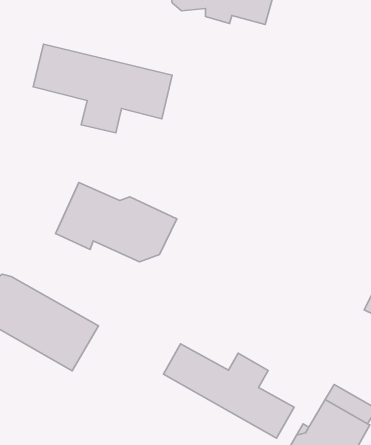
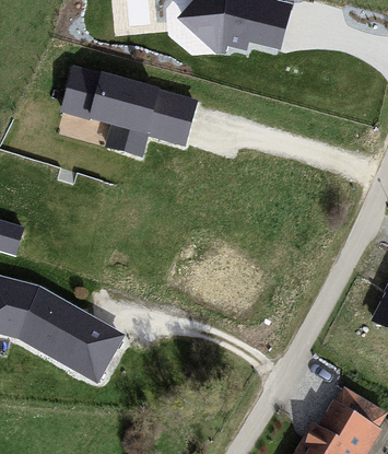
building: [56,183,177,262] -> none
building: [164,344,294,438] -> none

